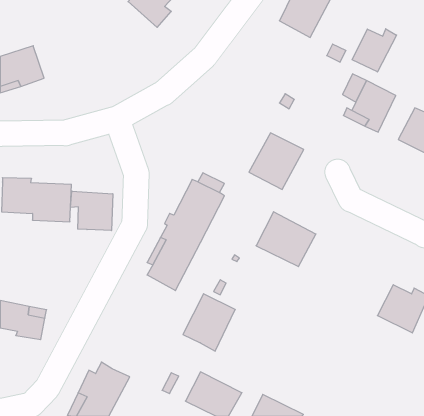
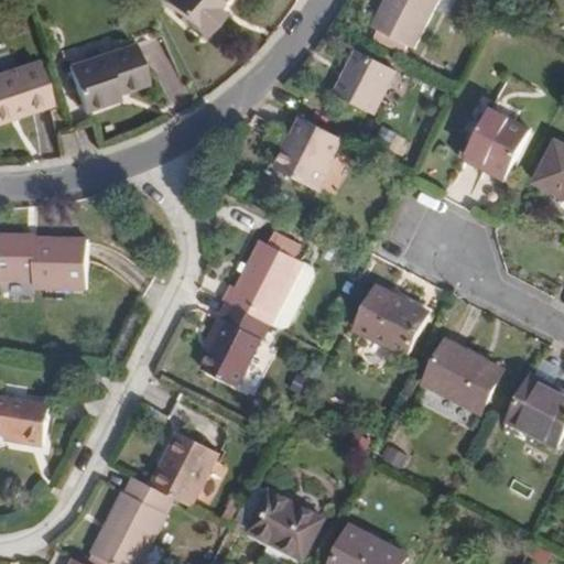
building: none -> [75,37,155,107]
building: [352,29,397,72] -> none
building: none -> [338,52,400,117]
building: [249,133,304,189] -> [280,121,352,196]
building: [70,191,113,231] -> none
building: none -> [420,337,495,409]
building: [183,294,235,351] -> [150,435,219,511]

